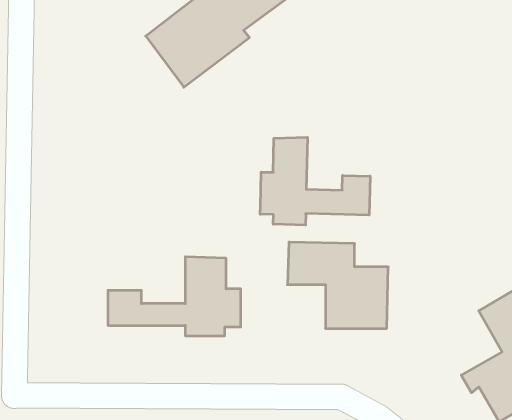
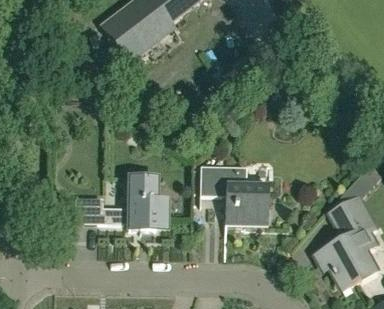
building: [260,137,370,225] -> none

